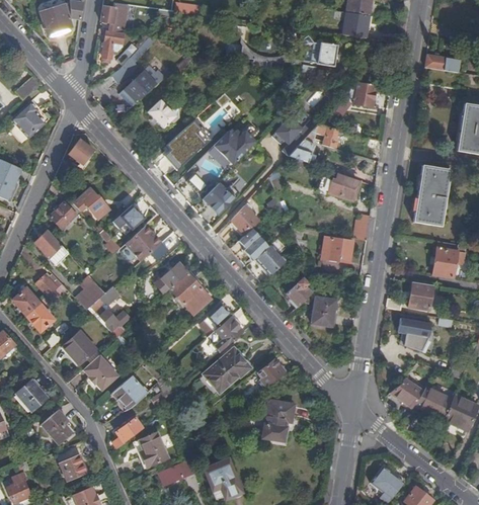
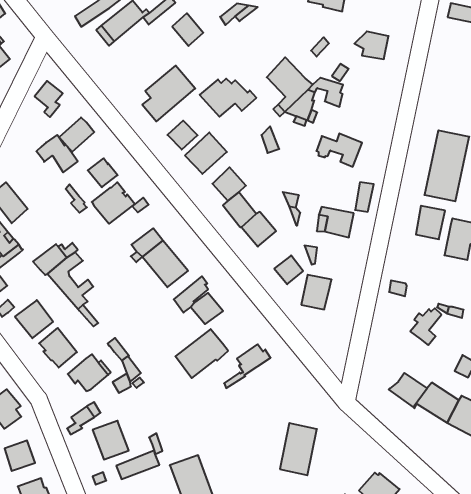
building: [147,99,174,128] -> [172,13,203,46]
building: [50,197,80,228] -> [59,117,94,152]
building: [409,281,433,310] -> [416,206,445,239]
building: [262,400,293,444] -> [280,423,317,475]

